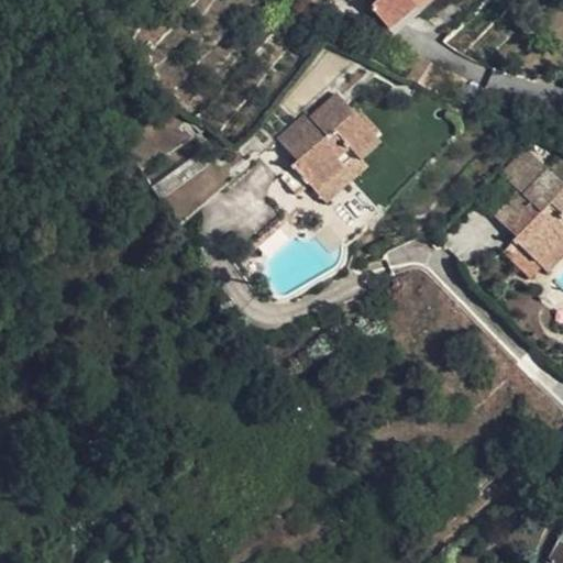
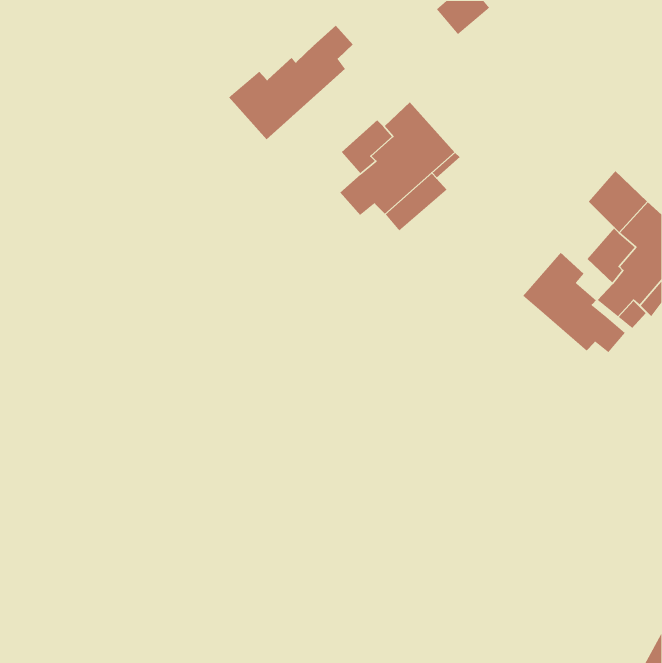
building: none -> [228,25,354,140]
building: none -> [522,252,626,353]

